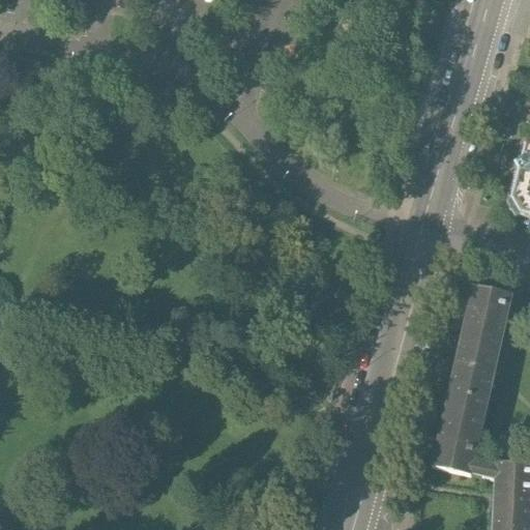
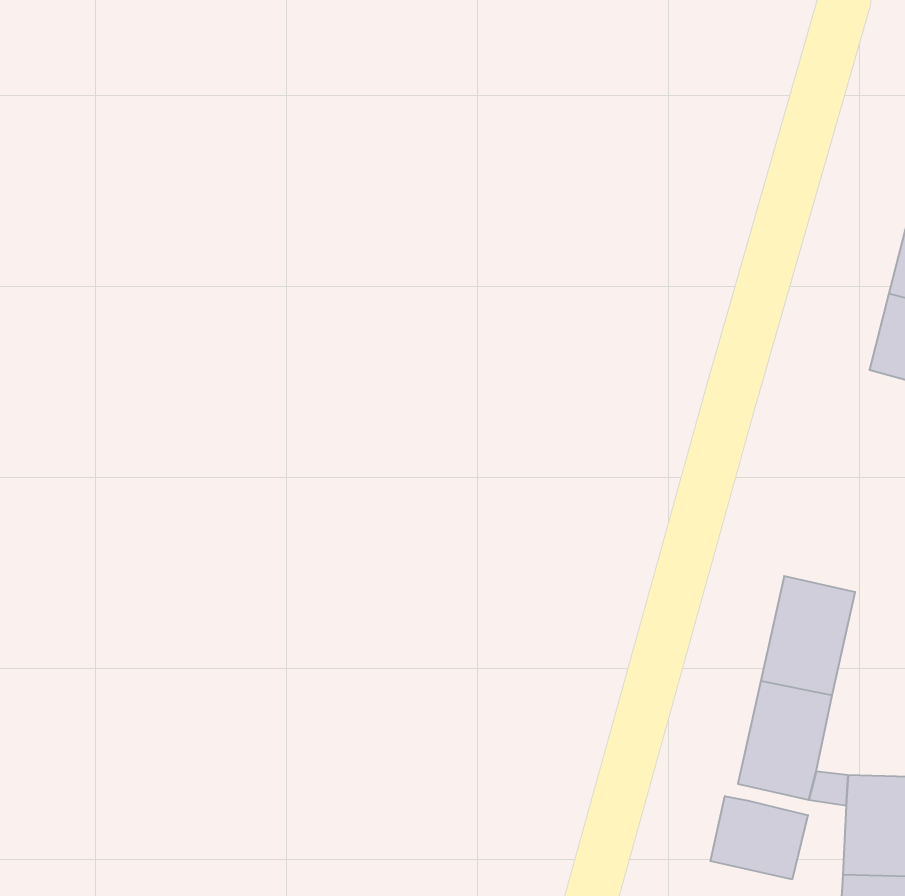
building: [459,283,512,352] -> none
building: none -> [710,796,808,879]

